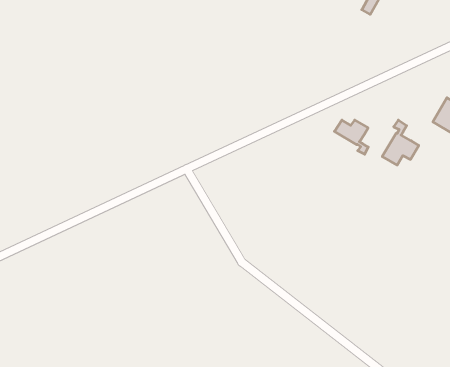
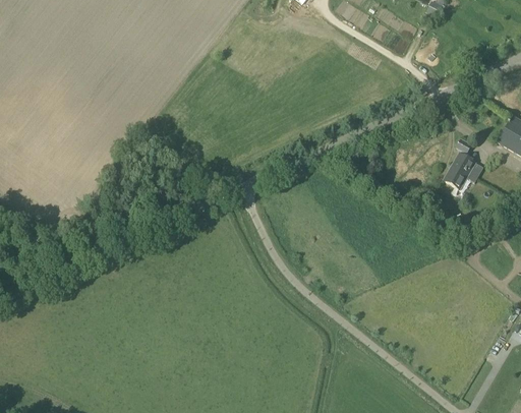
building: [334,120,368,154] -> none

